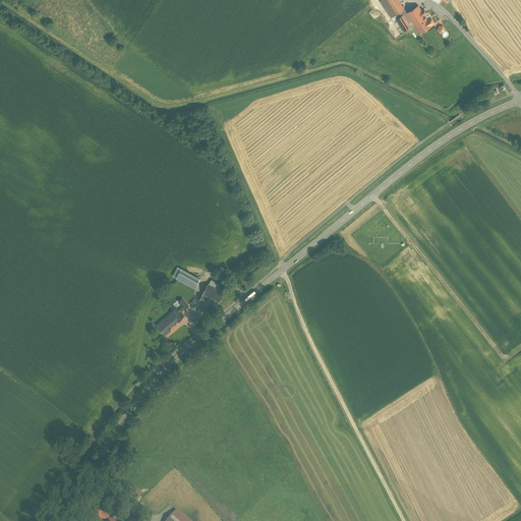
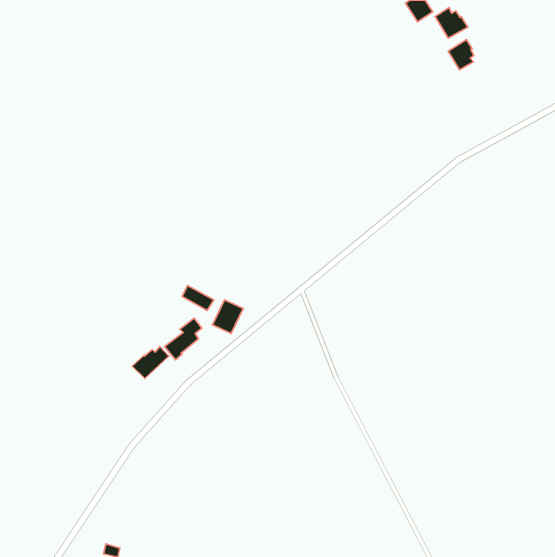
building: none -> [448,39,474,70]
building: none -> [132,346,169,378]

